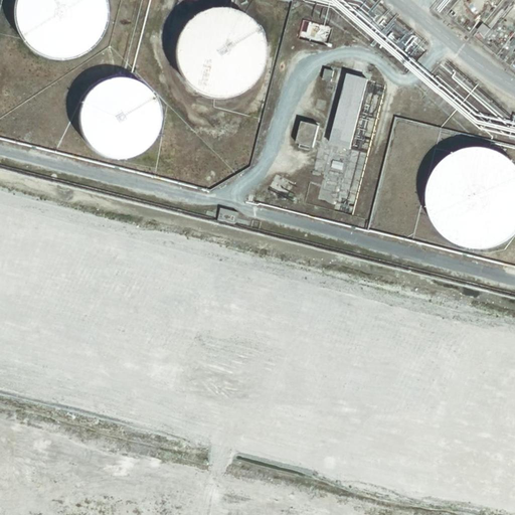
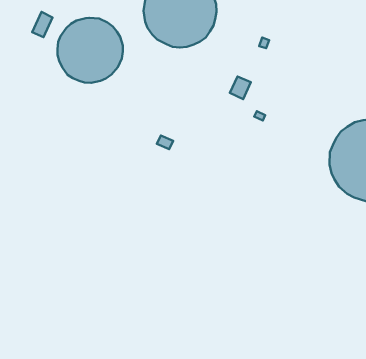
building: [331,73,367,148] -> none
building: none -> [32,12,52,37]

